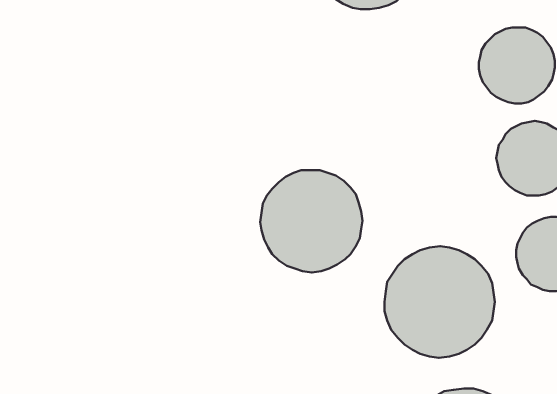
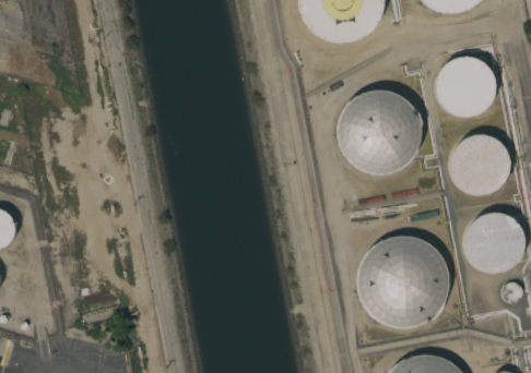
building: [260,170,363,273] -> [337,94,421,178]

